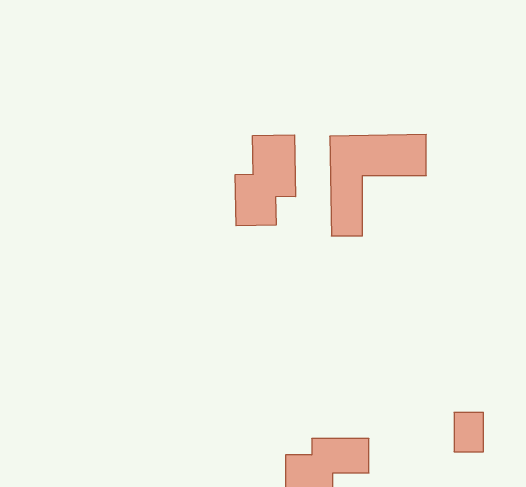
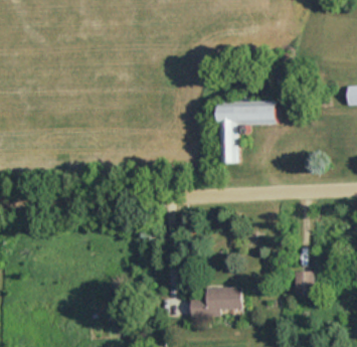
building: [235,135,296,226] -> none

